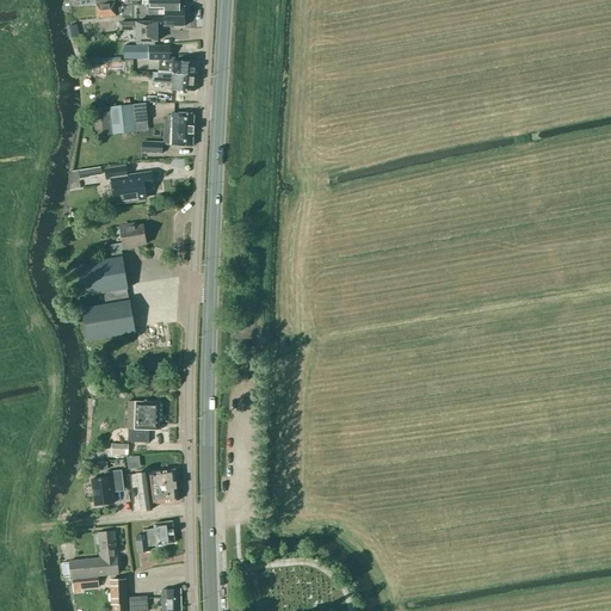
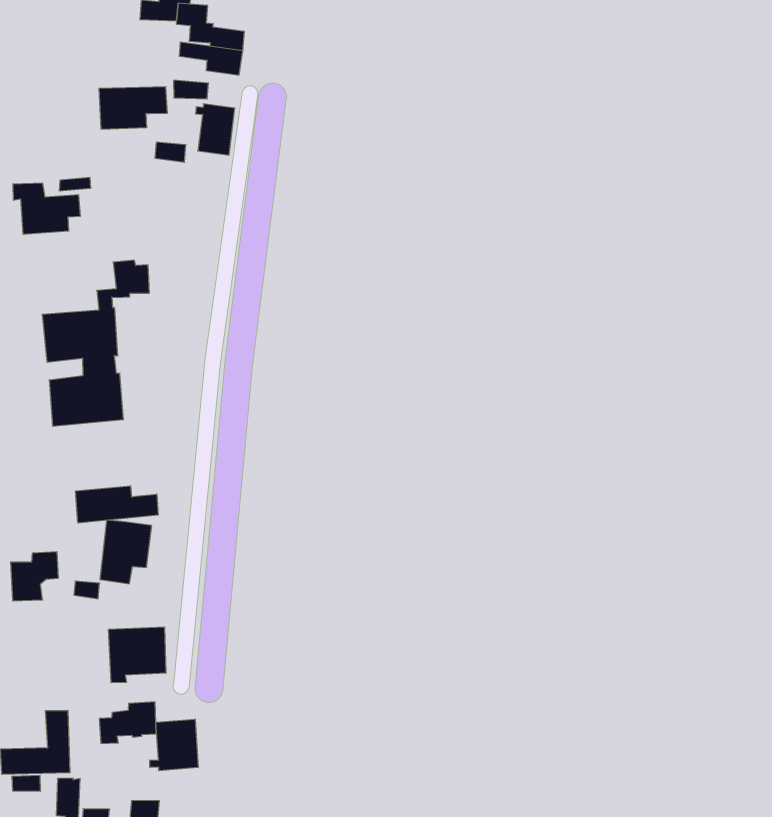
building: [105,167,153,203] -> [13,183,81,234]
building: none -> [76,486,158,523]
building: [91,470,124,506] -> [10,552,58,601]
building: none -> [150,719,198,771]

